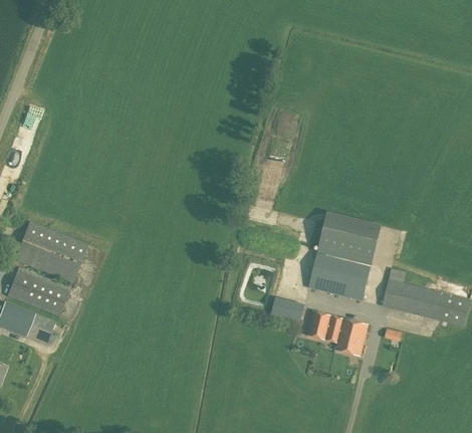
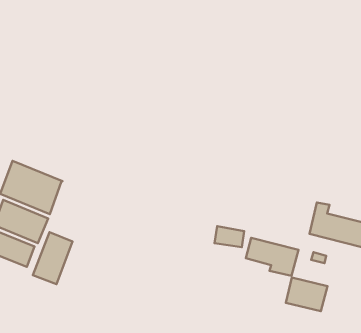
building: [308,211,381,301] -> none
building: none -> [33,232,73,284]
building: none -> [286,277,327,311]

